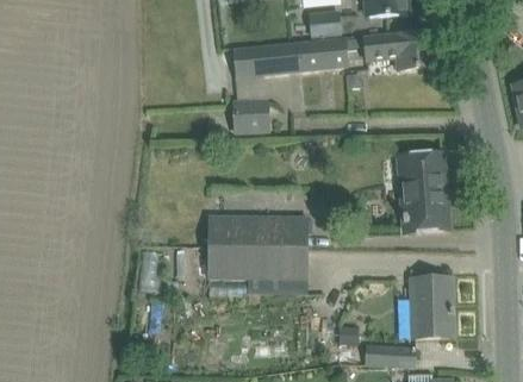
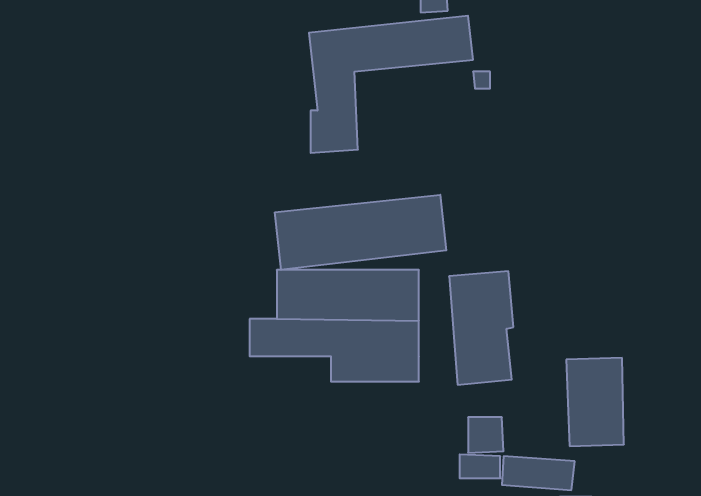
building: [366,30,436,70] -> none
building: [400,152,446,232] -> [449,271,513,385]
building: none -> [275,195,446,270]

